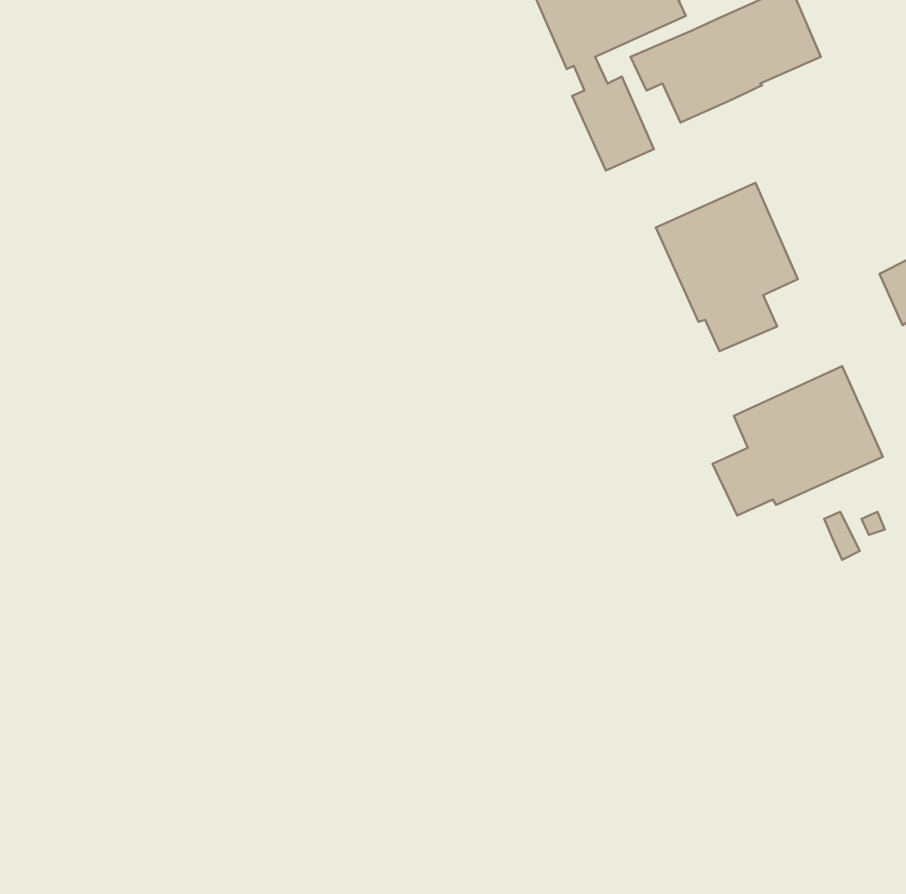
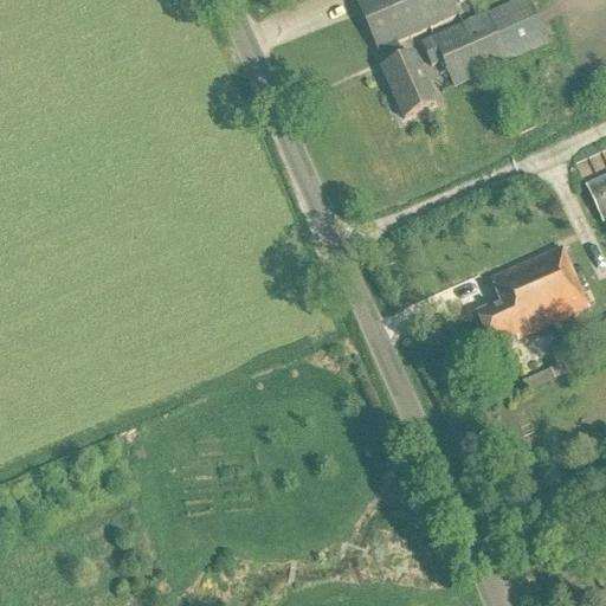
building: [656,183,798,351] -> none

